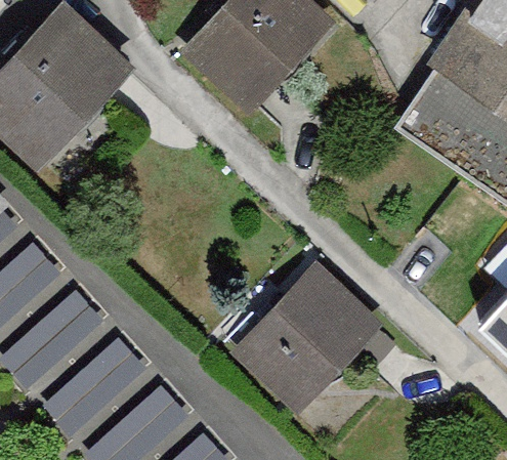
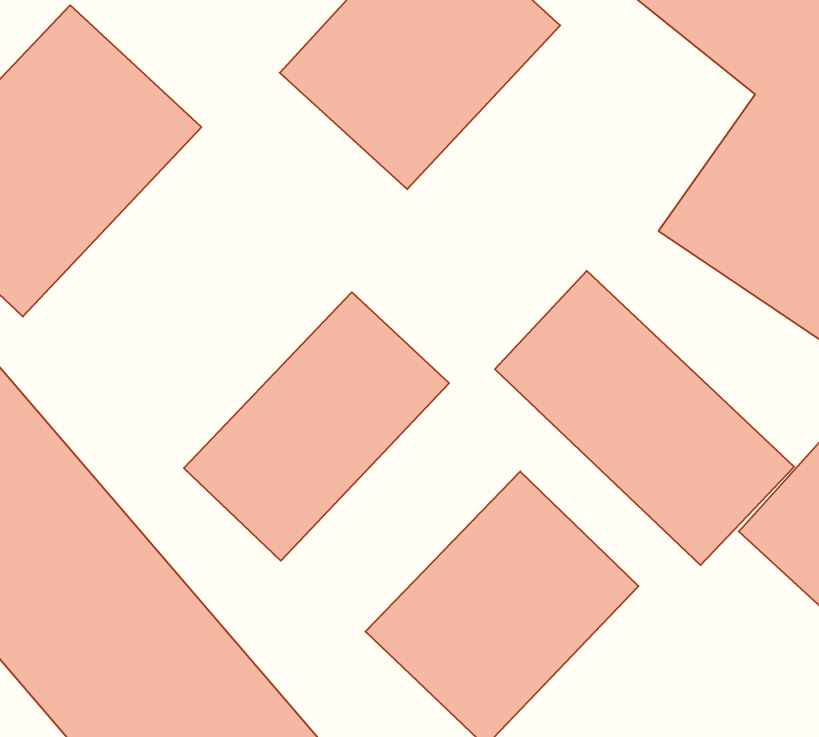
building: none -> [495,271,794,565]
building: none -> [184,292,449,561]

